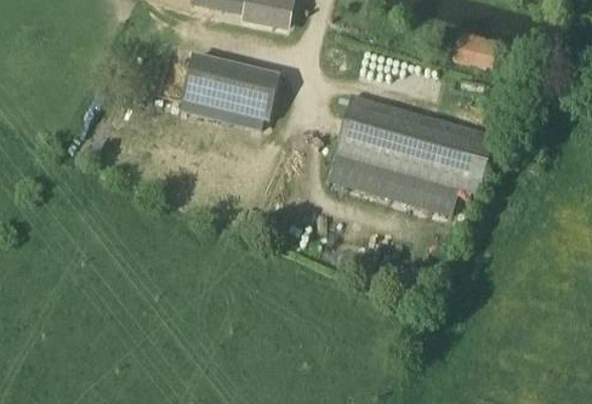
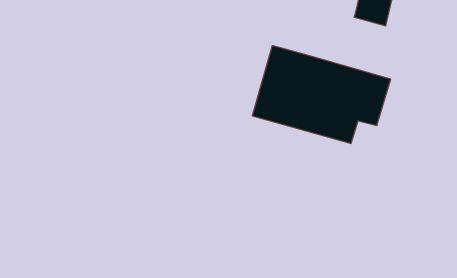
building: [181,55,277,118] -> none

